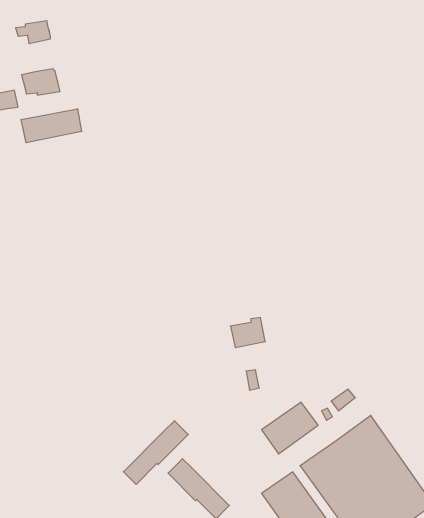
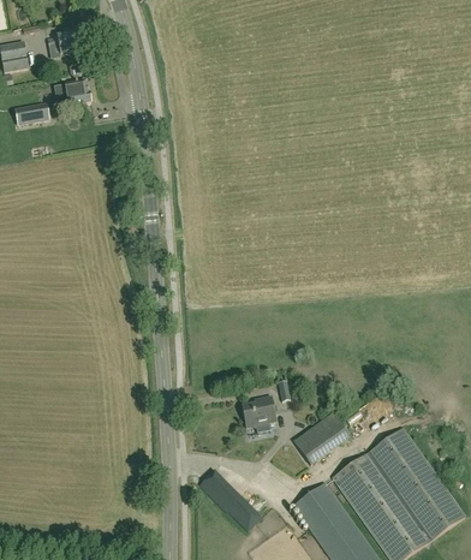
building: [21,109,82,143] -> none
building: [230,318,265,348] -> [242,397,276,427]
building: [123,421,188,484] -> none

